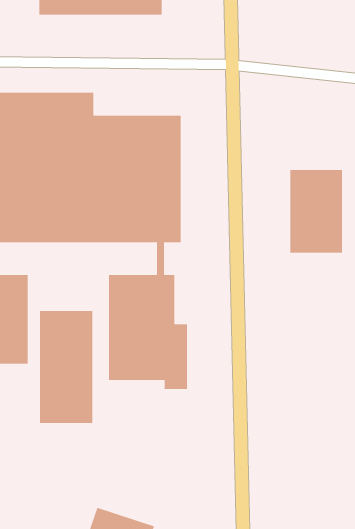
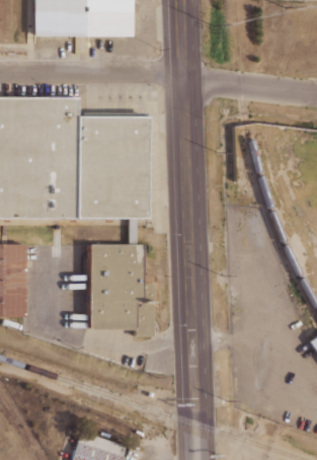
building: [290,169,343,254] -> none
building: [39,310,93,424] -> none

